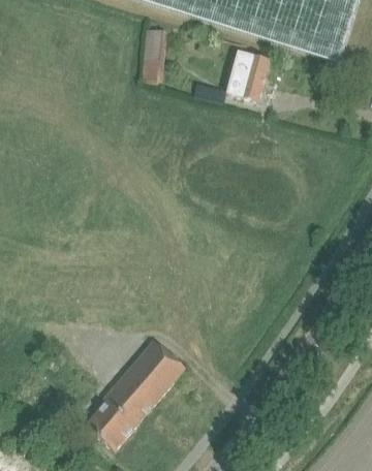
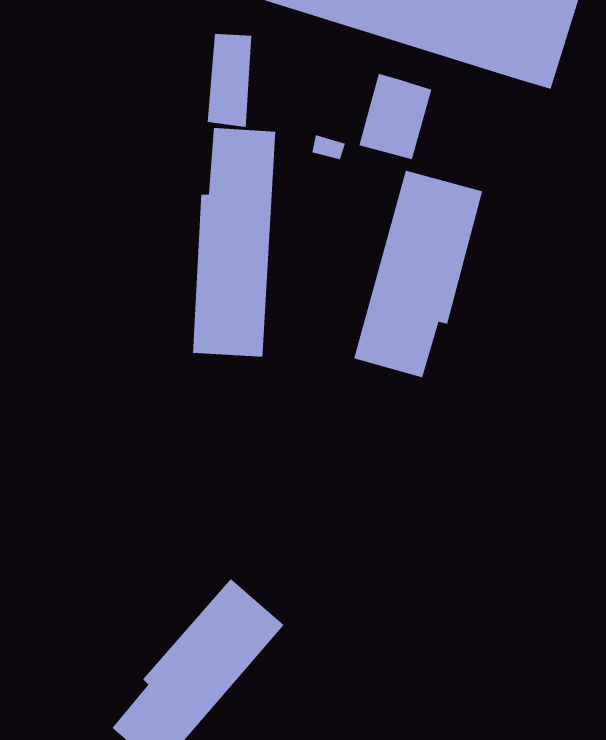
building: none -> [193,127,276,357]
building: none -> [354,170,483,378]

